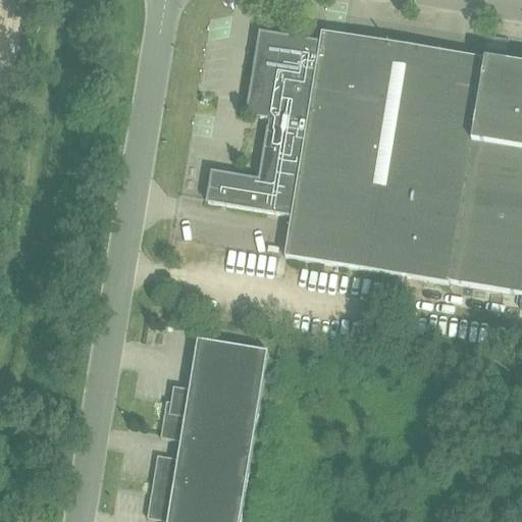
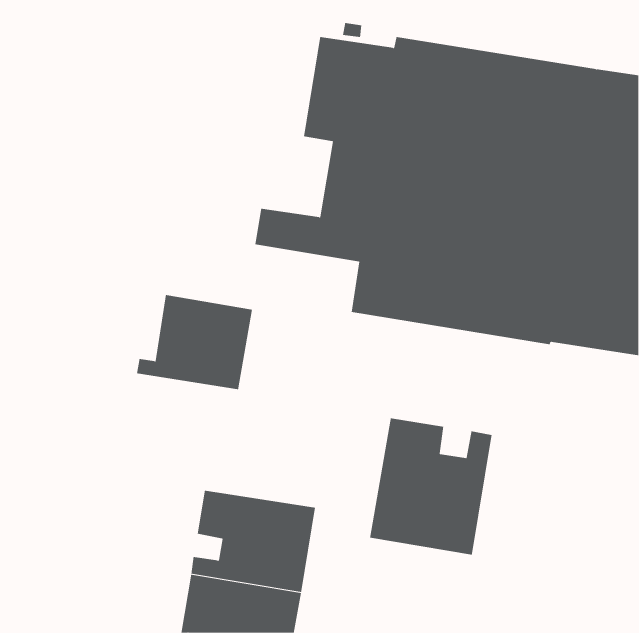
building: [173,335,268,413] -> [136,295,253,390]
building: none -> [369,417,492,556]

